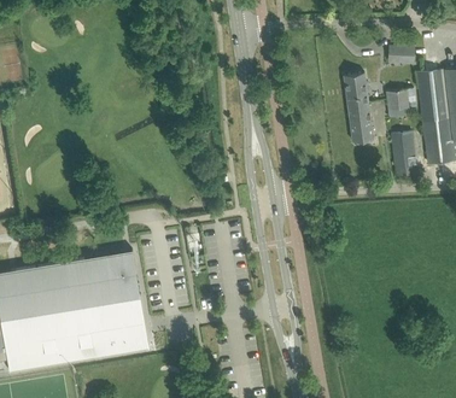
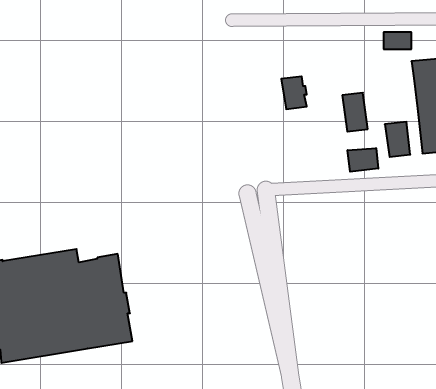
building: [345,72,370,105] -> [281,76,307,109]
building: [387,88,419,110] -> none
building: none -> [348,148,378,172]

